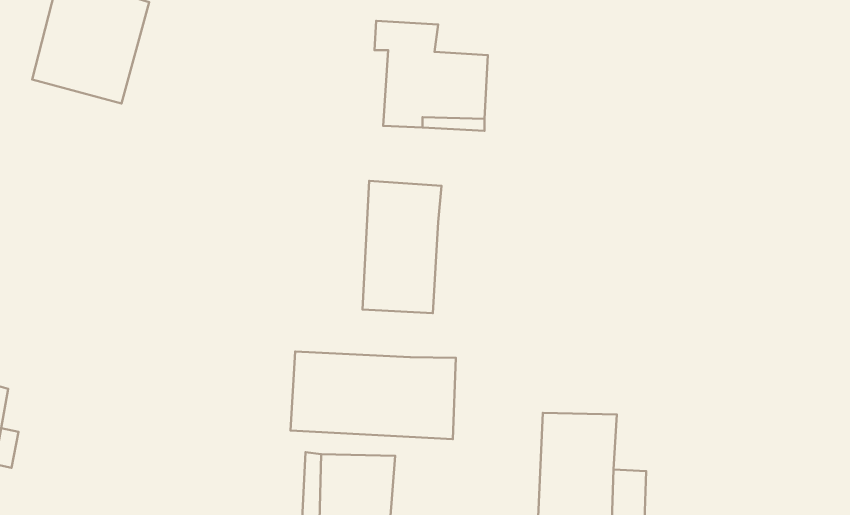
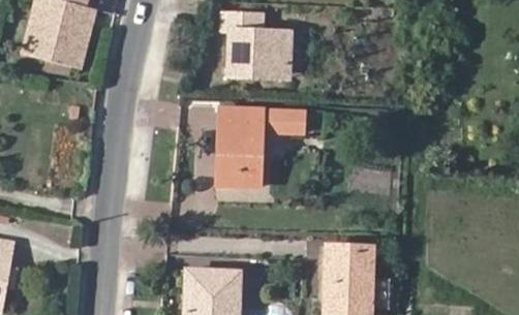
building: none -> [265,113,307,136]
building: [291,351,456,439] -> none

